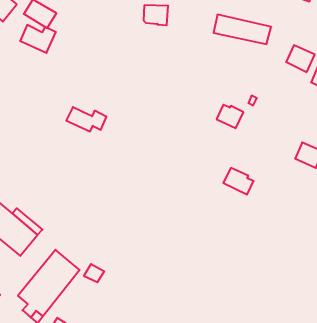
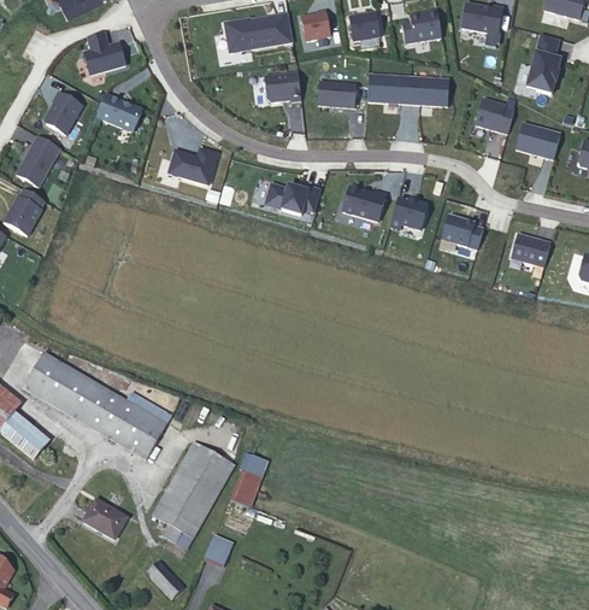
building: none -> [317,81,354,106]
building: [20,25,56,53] -> [169,148,217,184]
building: none -> [342,187,385,221]
building: [66,107,106,131] -> [265,184,320,215]
building: [223,168,254,195] -> [441,216,483,250]
building: none -> [230,471,261,506]

